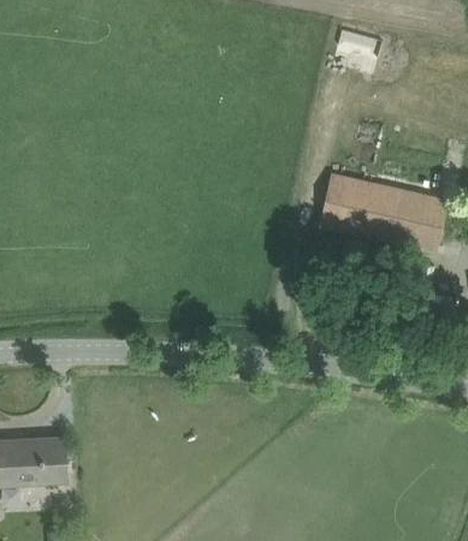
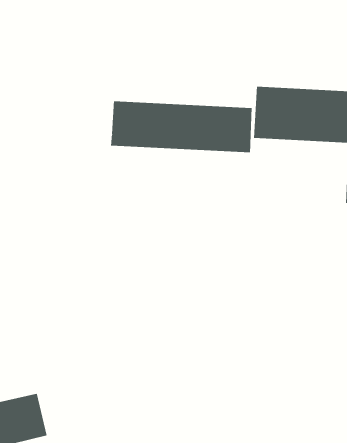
building: none -> [110,101,252,153]

